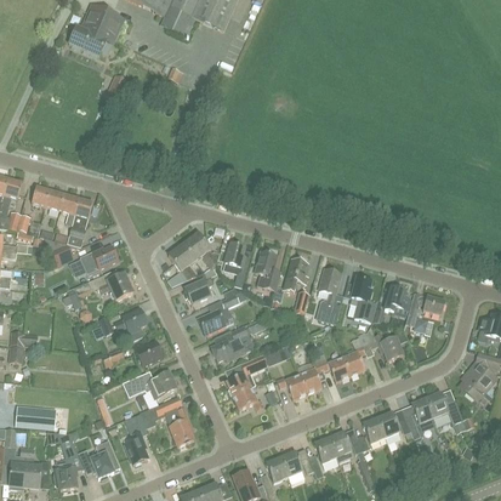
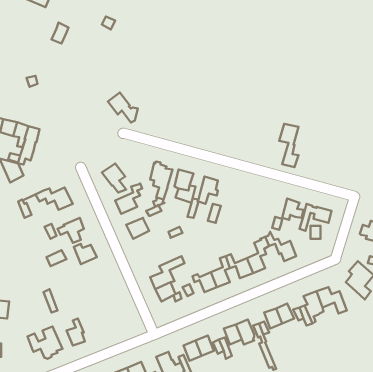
building: [183,232,220,268] -> [108,92,138,123]
building: [79,244,118,272] -> none
building: [318,268,341,320] -> [279,124,298,167]
building: [349,277,375,320] -> none
building: [211,325,246,359] -> none
building: [127,370,176,397] -> none
building: [144,394,193,444] -> none
building: [53,432,84,489] -> none

